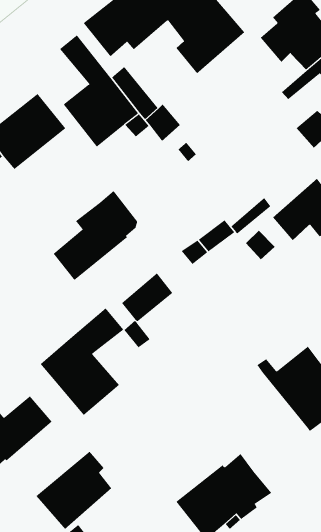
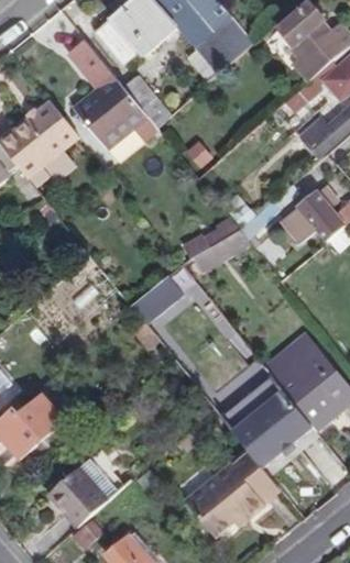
building: [53,190,138,281] -> none
building: [40,307,124,416] -> none
building: none -> [219,373,313,468]

